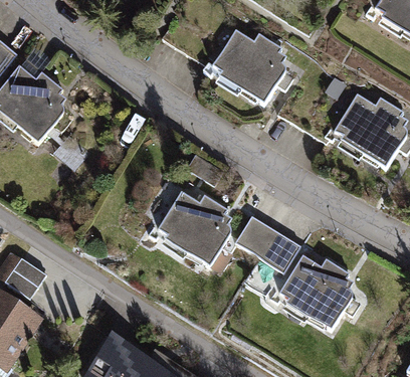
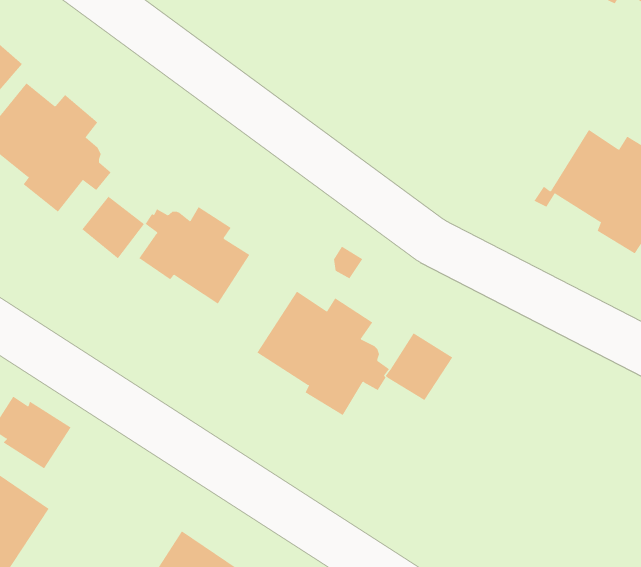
building: [202,28,292,104] -> none
building: none -> [138,206,250,304]
building: [258,230,299,271] -> none
building: [279,253,360,329] -> none

